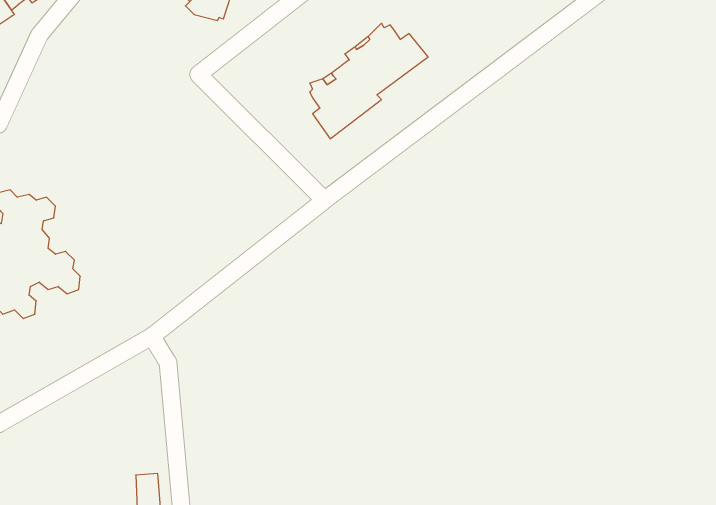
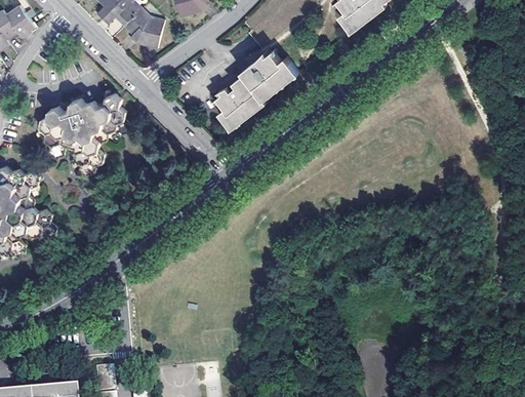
building: none -> [41,92,130,174]

